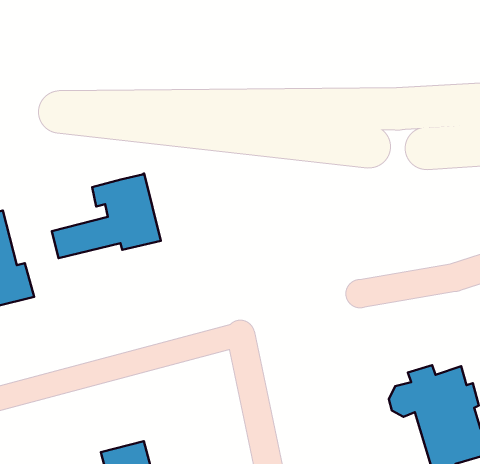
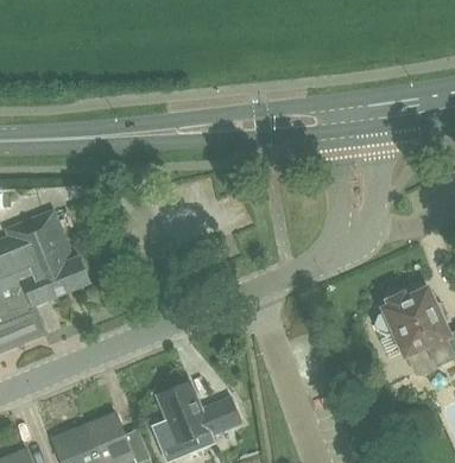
building: [52,174,161,258] -> none

